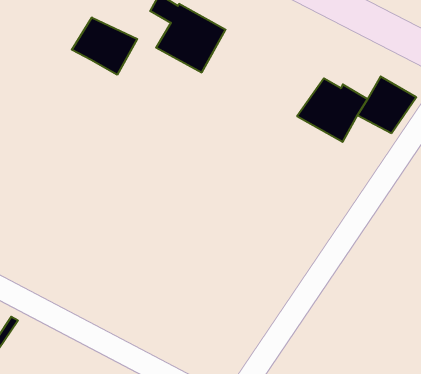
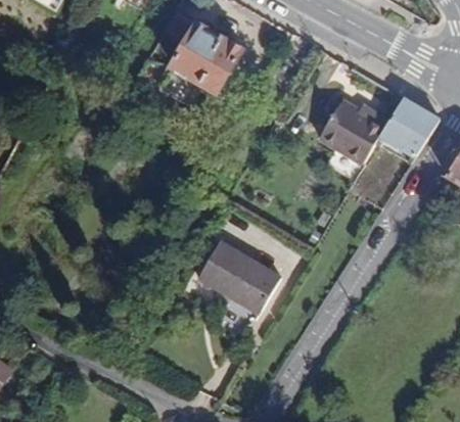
building: [72,17,137,75] -> none
building: none -> [197,240,279,313]

